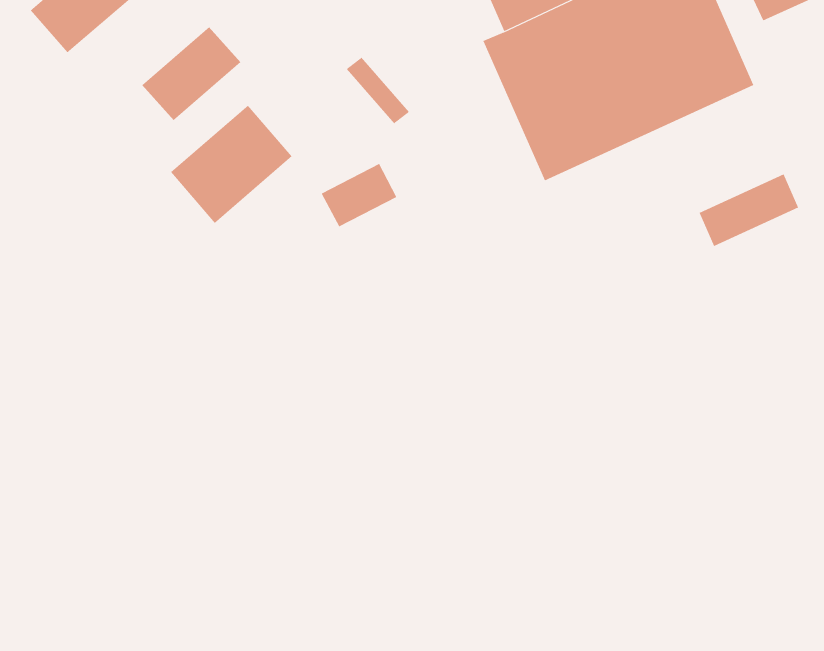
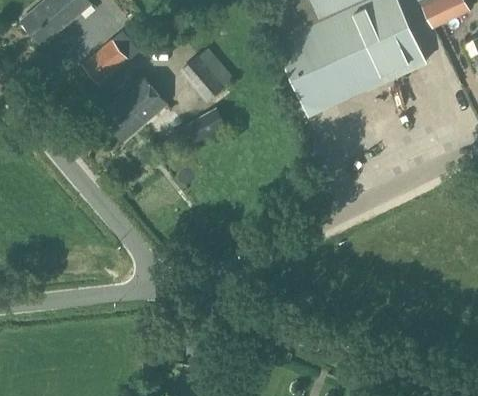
building: none -> [180,54,225,101]
building: [699,173,799,247] -> none

